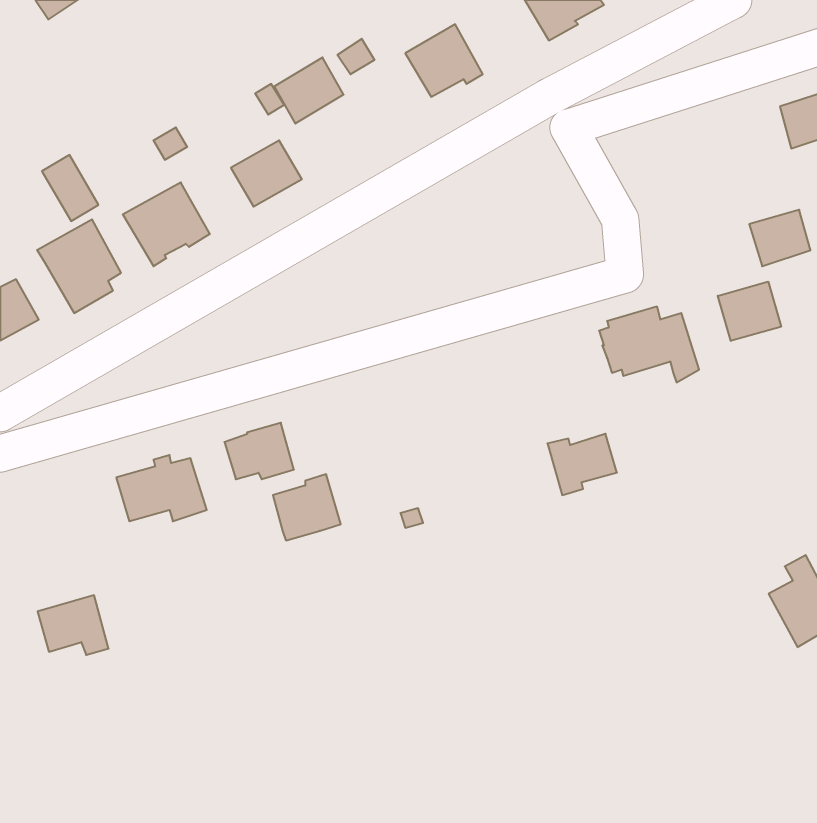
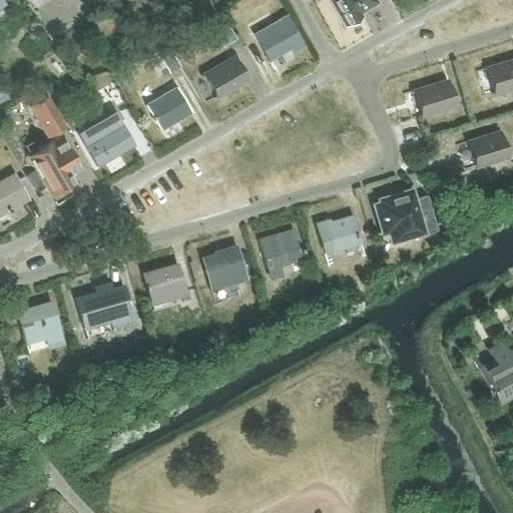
building: [274,57,344,124] -> [205,57,248,98]
building: none -> [416,80,457,115]
building: [718,282,781,341] -> none
building: none -> [260,229,303,279]
building: [547,434,617,495] -> [318,216,361,254]
building: [273,474,341,540] -> [204,246,246,288]
building: [38,595,109,655] -> [17,301,61,338]

